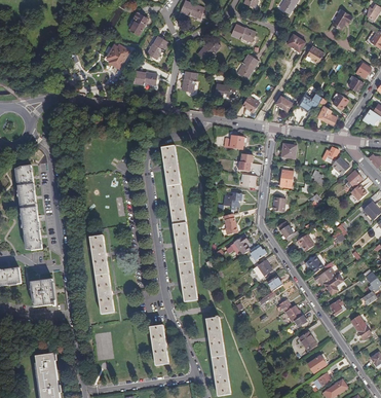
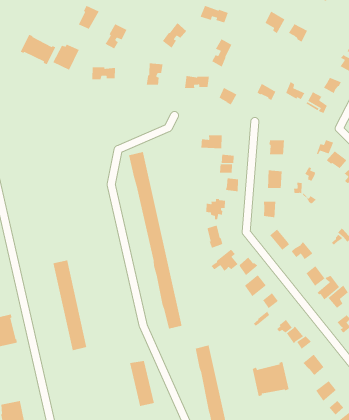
building: none -> [20,34,56,65]
building: none -> [252,361,289,397]

